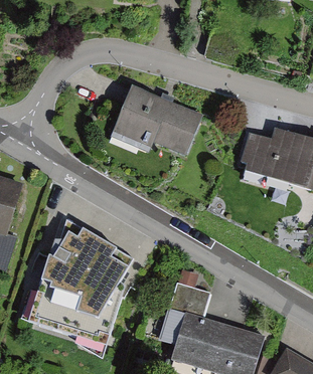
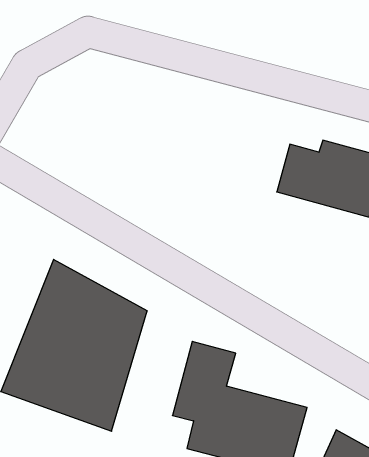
building: [112,86,202,156] -> none

